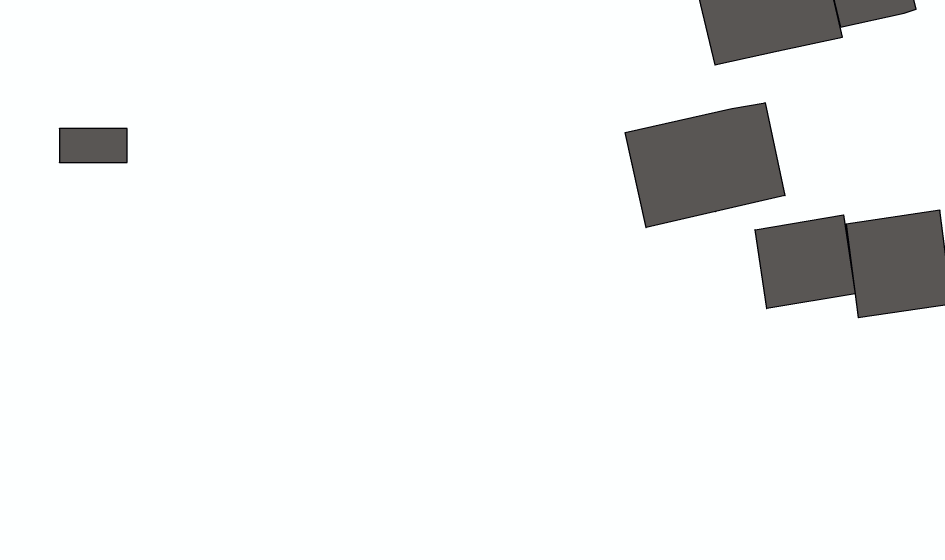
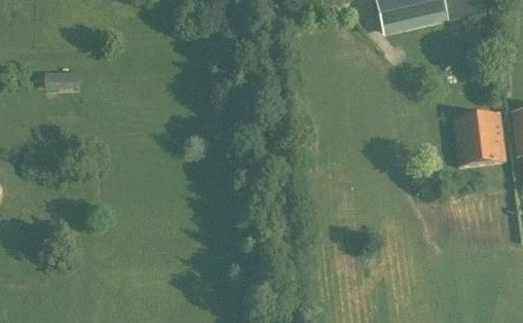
building: [625,103,785,228] -> none
building: [755,215,855,309] -> none

